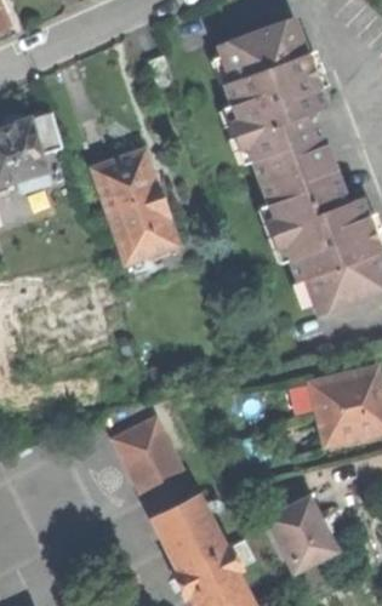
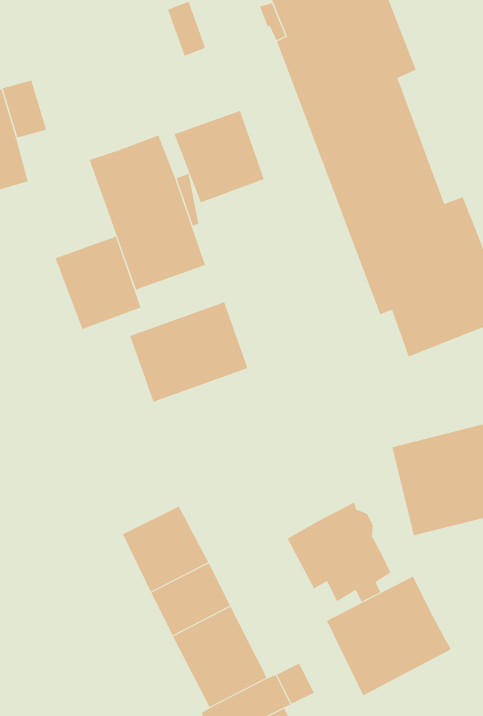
building: none -> [174,110,264,203]
building: none -> [55,236,141,330]
building: none -> [129,301,248,402]
building: none -> [287,502,391,602]

